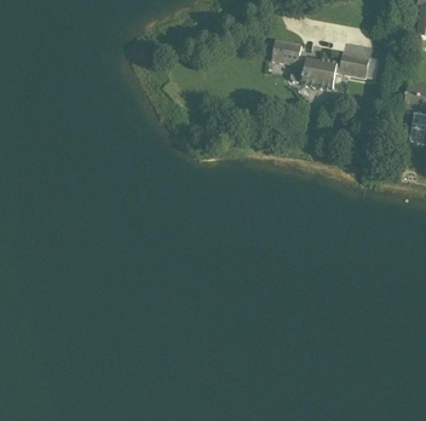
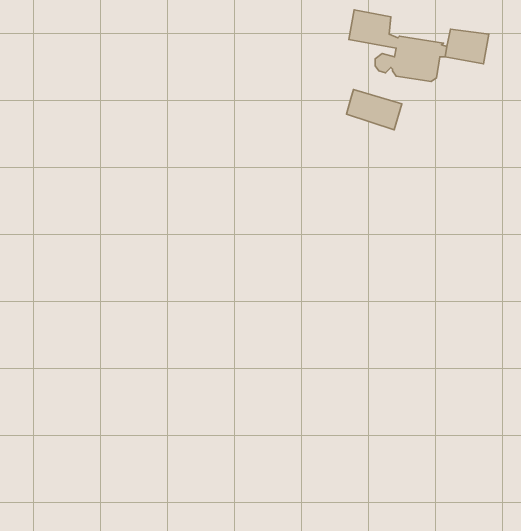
building: none -> [347,89,402,130]

